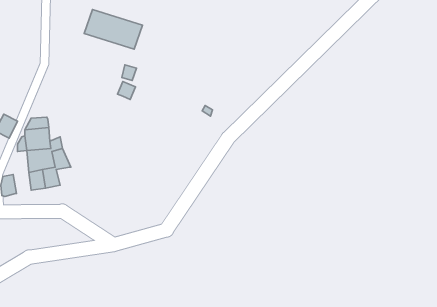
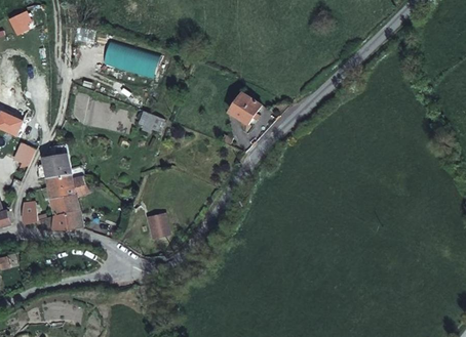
building: none -> [230,93,260,124]
building: none -> [39,212,82,230]
building: none -> [147,215,168,241]

